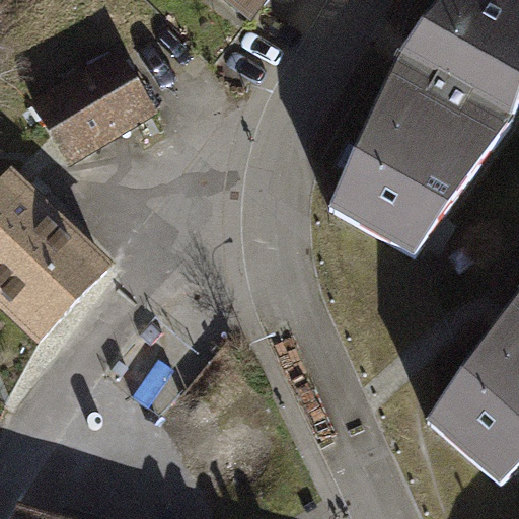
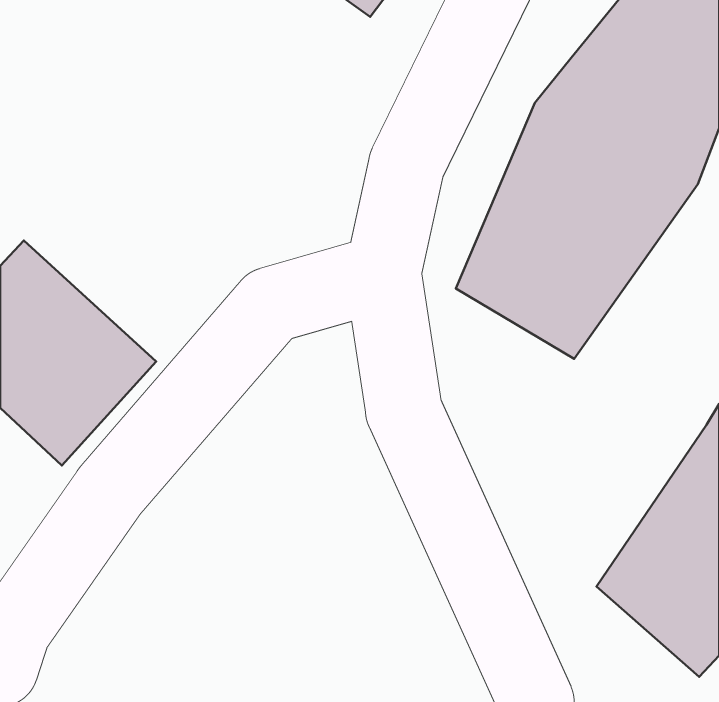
building: [35,41,156,151] -> none

